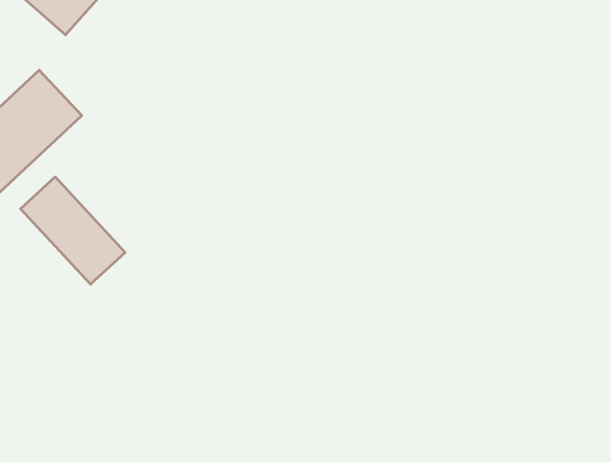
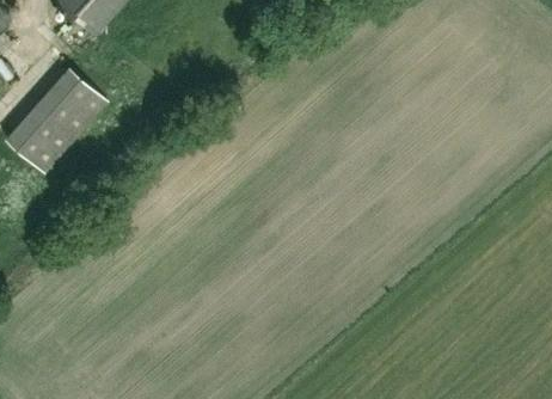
building: [21,177,125,284] -> none

